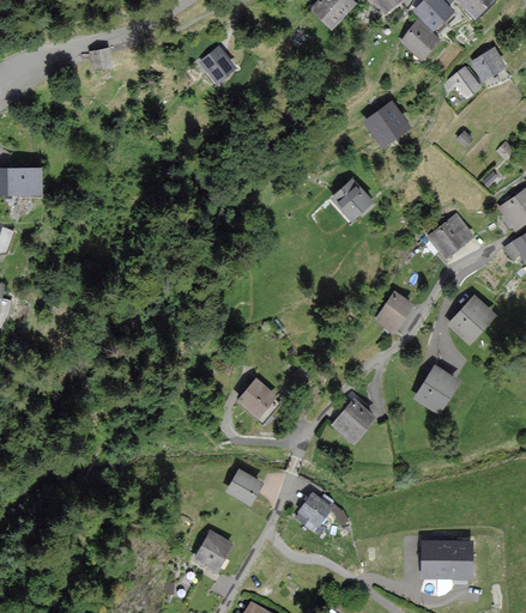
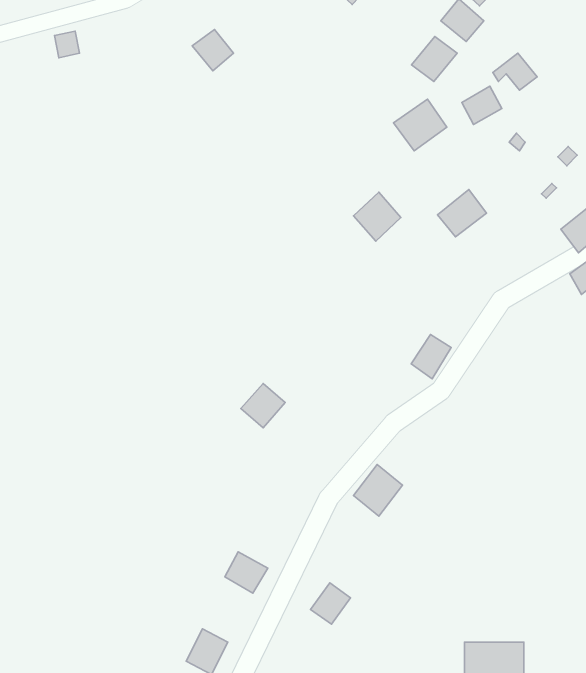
building: [472,49,504,80] -> [462,86,502,125]
building: none -> [412,36,457,82]
building: [431,217,471,255] -> [438,190,486,237]
building: [449,297,494,342] -> none
building: [416,368,457,409] -> none
building: [238,381,274,417] -> [241,383,285,428]

